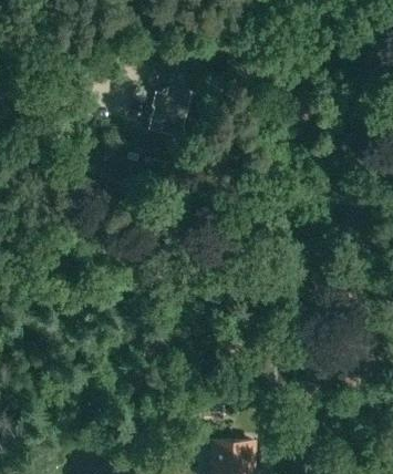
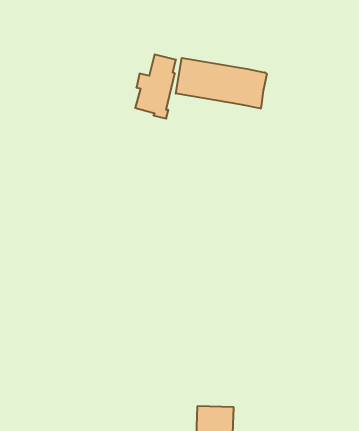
building: none -> [176,58,267,109]

